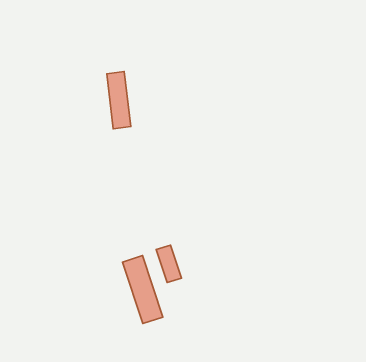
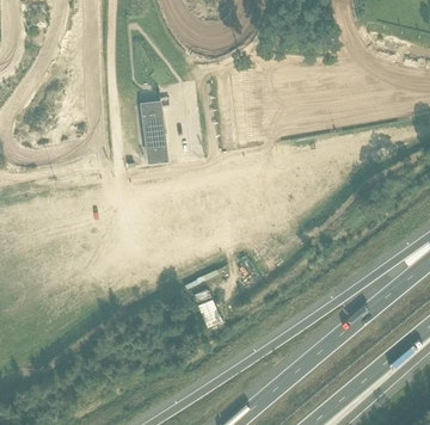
building: [122,256,163,324] -> none

